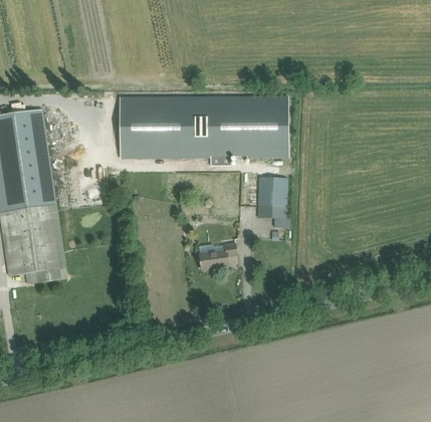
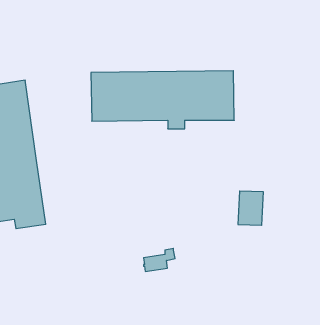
building: [256,177,286,217] -> [238,191,263,225]
building: [199,242,236,269] -> [144,248,175,271]

